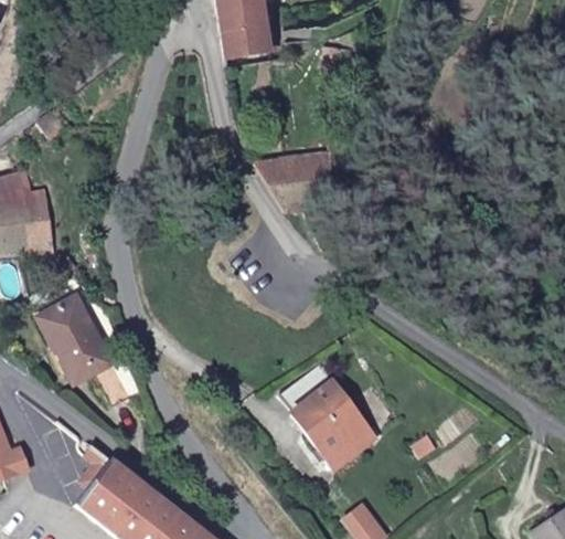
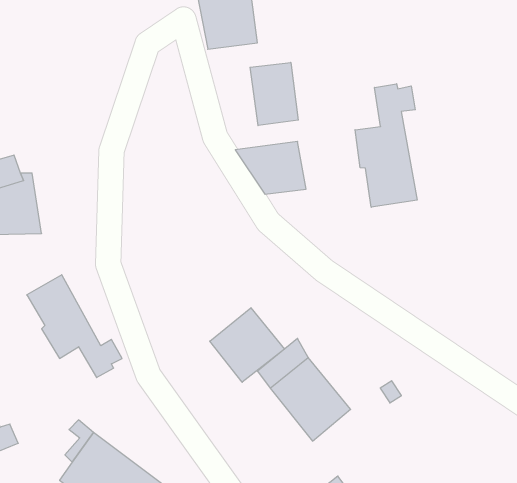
building: none -> [250,62,298,126]
building: none -> [355,84,417,207]
building: none -> [210,308,285,382]

